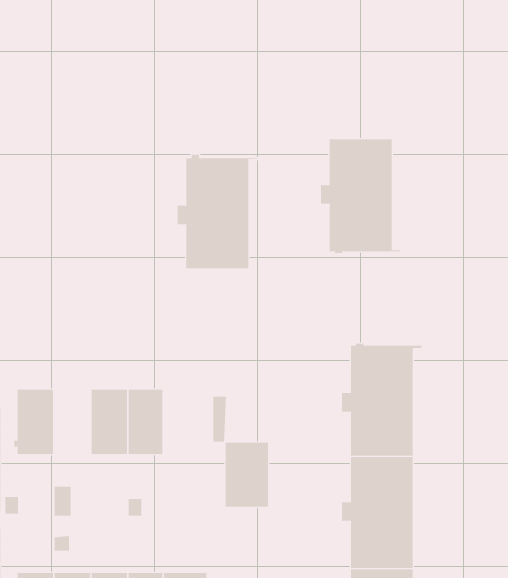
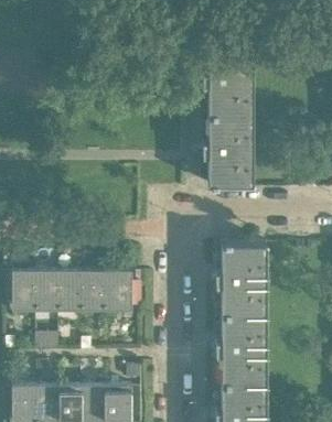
building: [177,154,258,269] -> [205,44,256,116]
building: none -> [39,272,62,313]
building: [225,442,269,507] -> [107,272,135,313]

